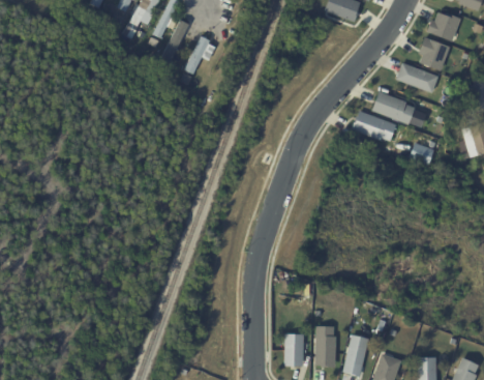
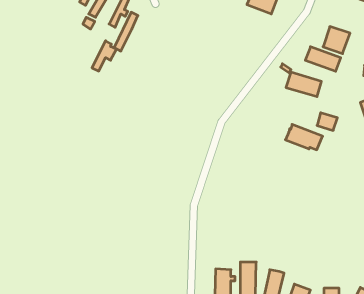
building: [428,9,460,39] -> none
building: [186,36,216,74] -> [92,41,117,71]
building: [352,110,397,141] -> [285,124,323,150]

